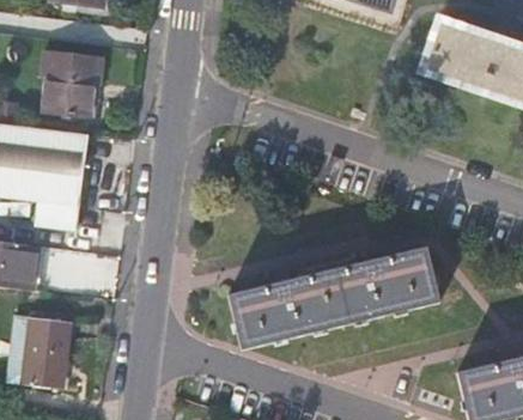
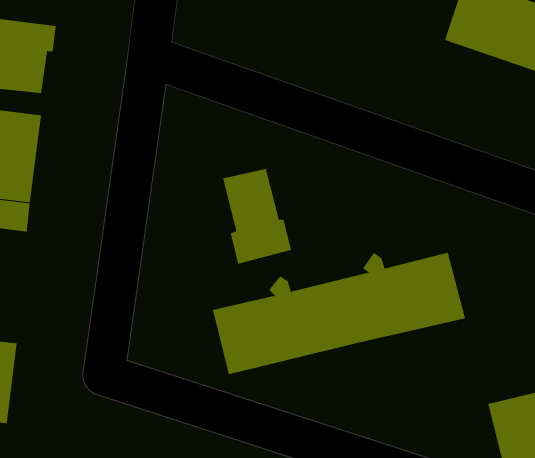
building: none -> [222,168,291,264]

